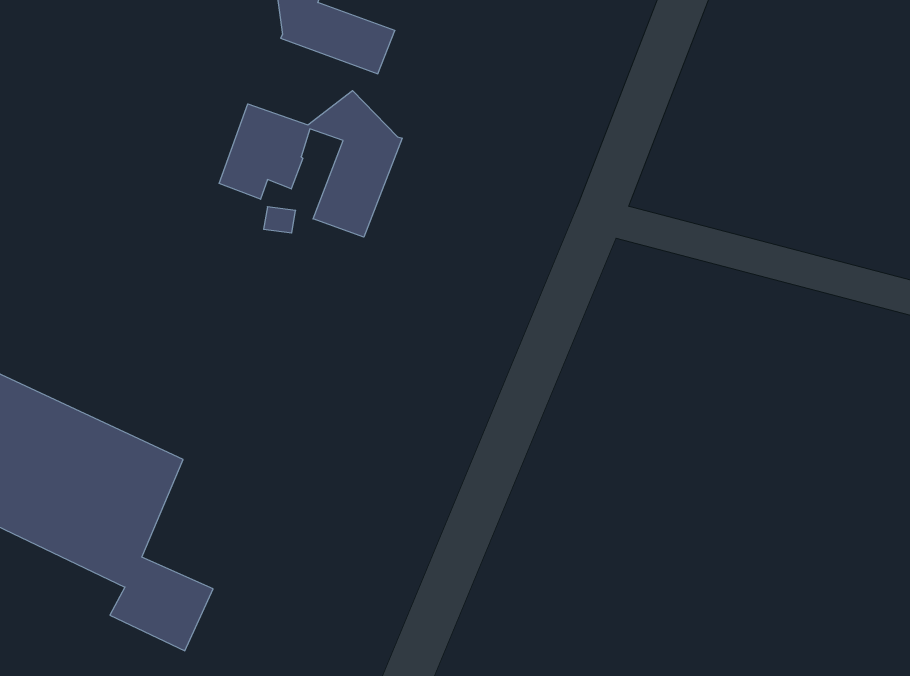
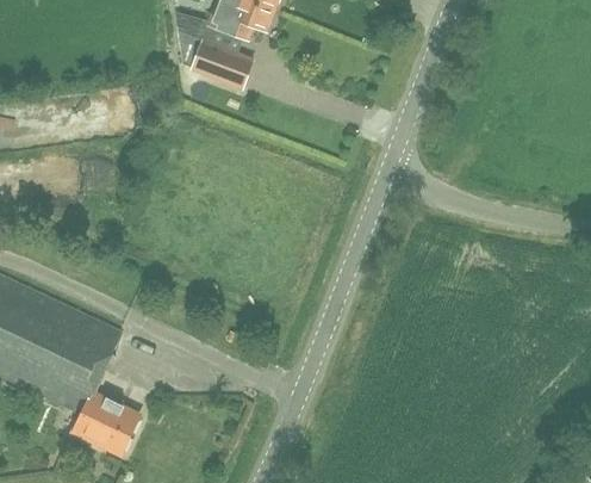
building: [219,91,402,237] -> none

